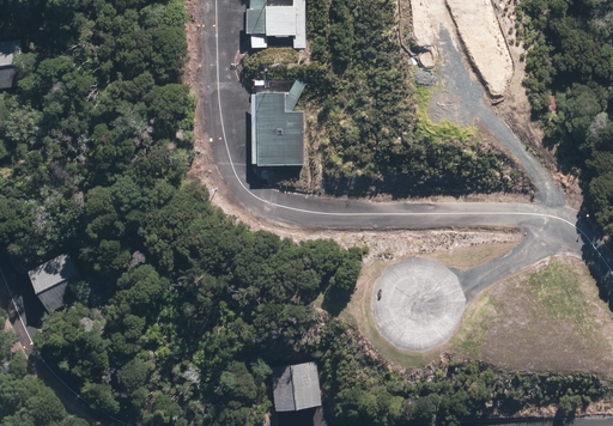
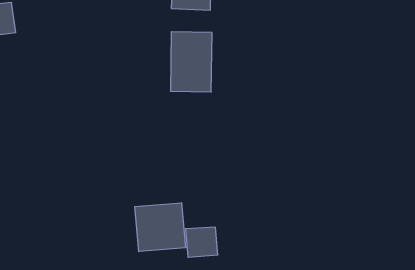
building: [29,255,80,308] -> none
building: none -> [135,203,186,252]

